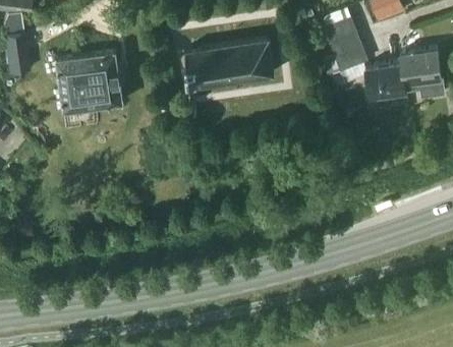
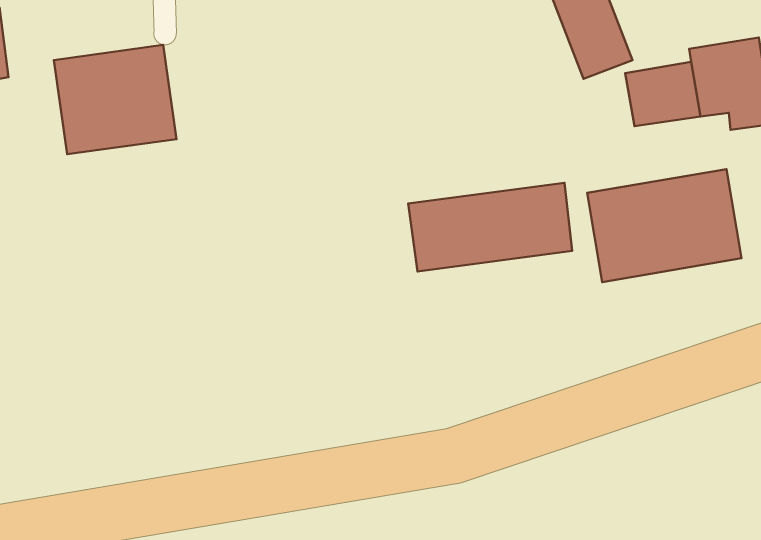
building: [183,37,272,84] -> [408,183,572,271]
building: none -> [587,169,742,282]

